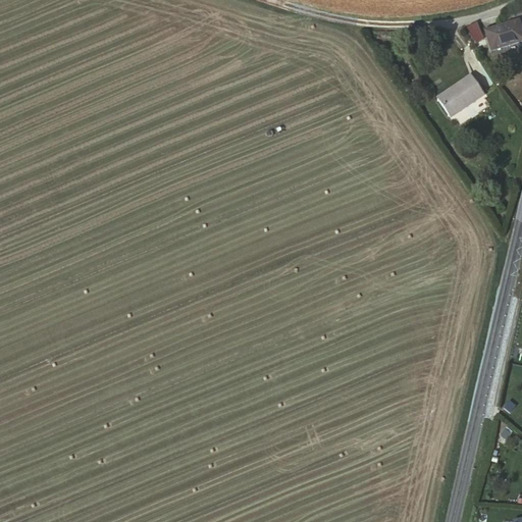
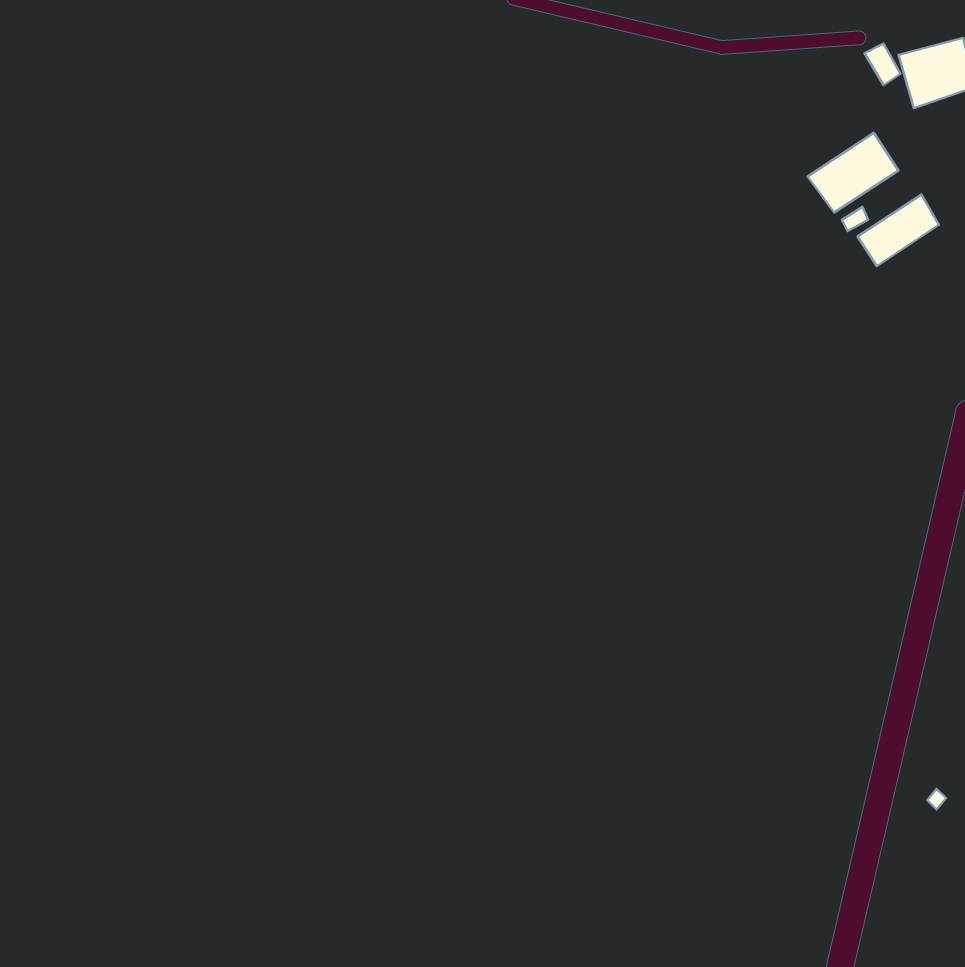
building: none -> [857,194,939,266]

